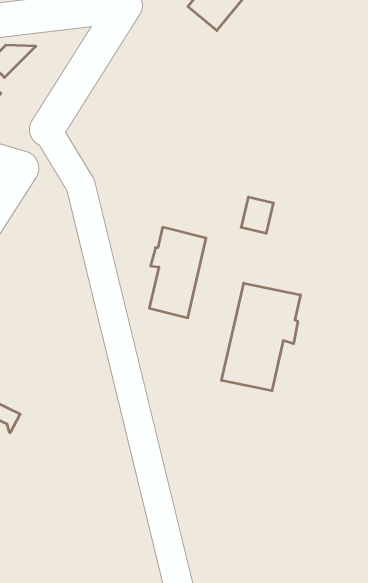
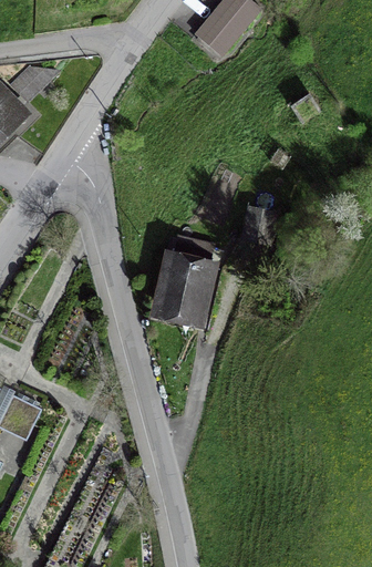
building: [222,283,300,391] -> none

